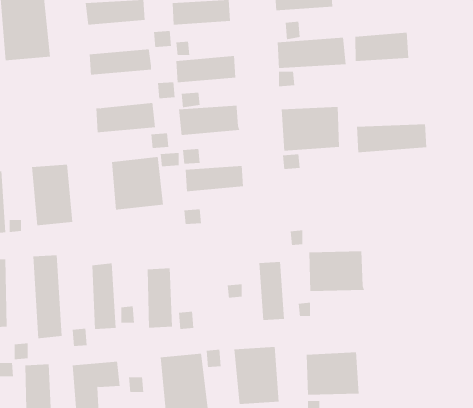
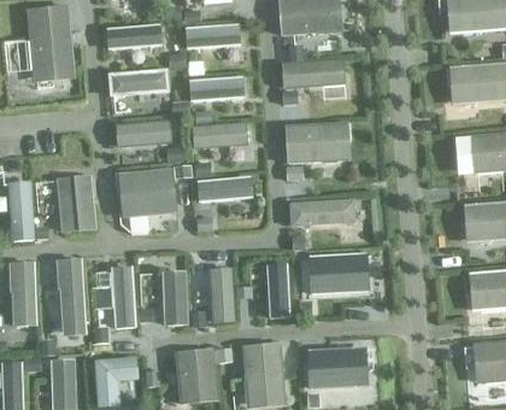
building: [355,32,409,62] -> none
building: [356,124,427,153] -> [289,200,354,227]
building: none -> [208,268,234,323]

